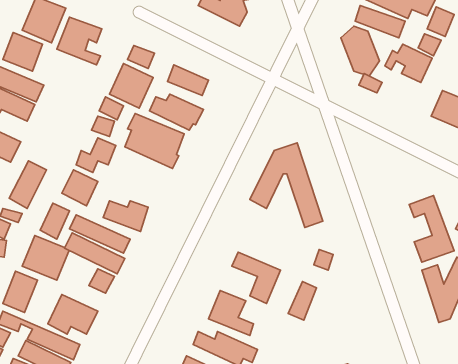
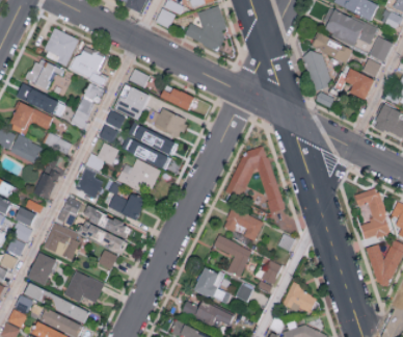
building: none -> [71,82,104,128]
building: none -> [117,159,160,193]
building: none -> [223,207,263,240]
building: none -> [281,283,318,315]

